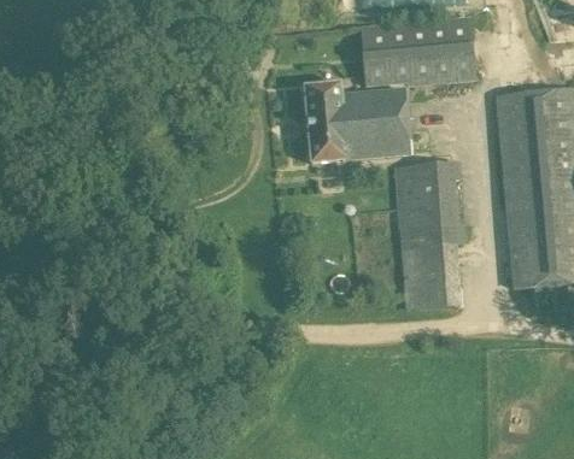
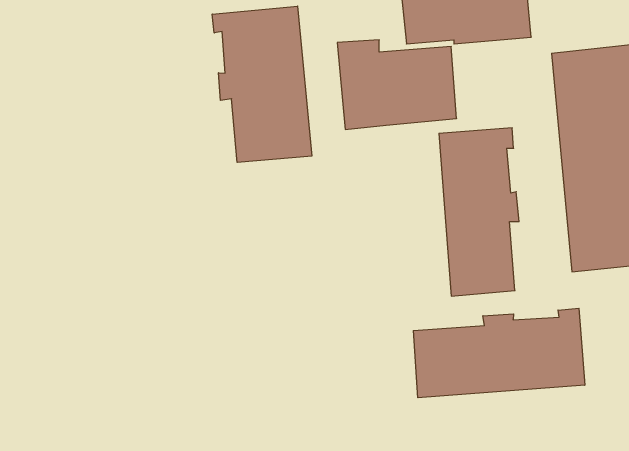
building: none -> [212,6,312,162]
building: none -> [413,308,585,398]

